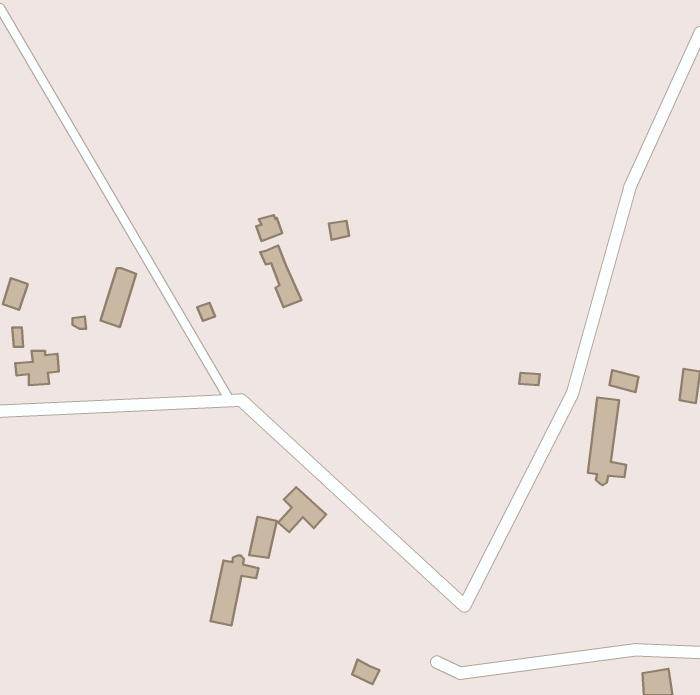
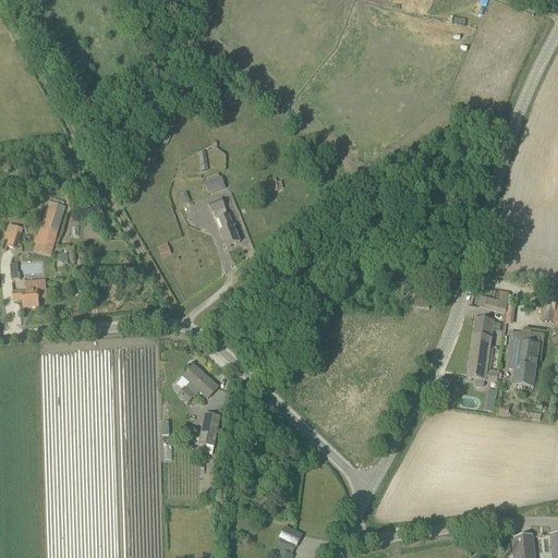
building: [101,268,136,327] -> [36,199,64,246]
building: none -> [506,331,539,386]
building: [278,487,326,532] -> [179,364,217,400]
building: [211,555,258,625] -> none

